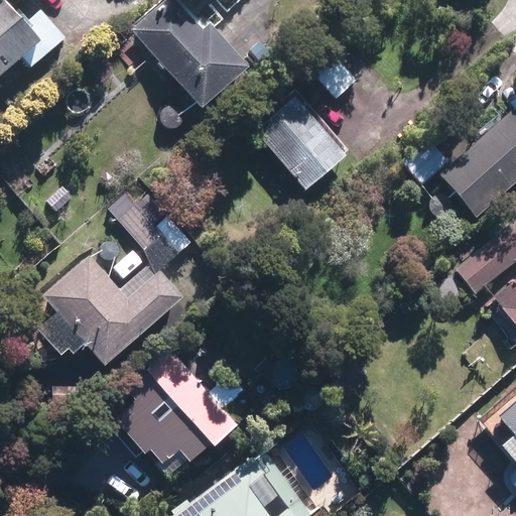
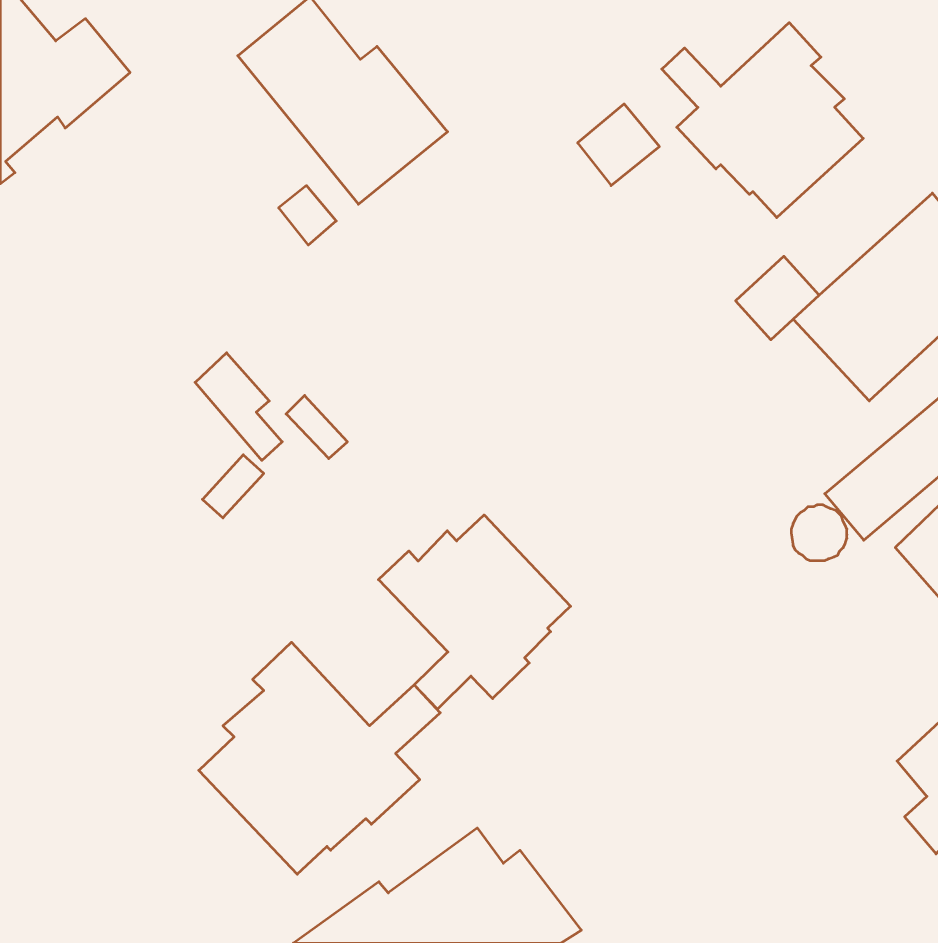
building: none -> [662,23,863,218]
building: [254,98,347,191] -> none
building: [39,258,184,367] -> none
building: none -> [378,515,571,709]

